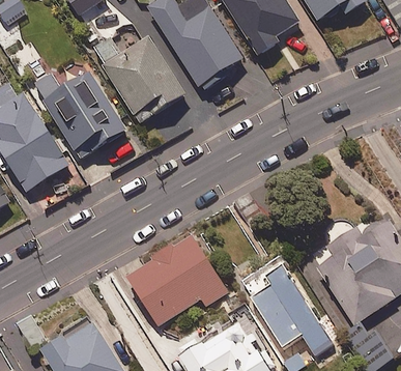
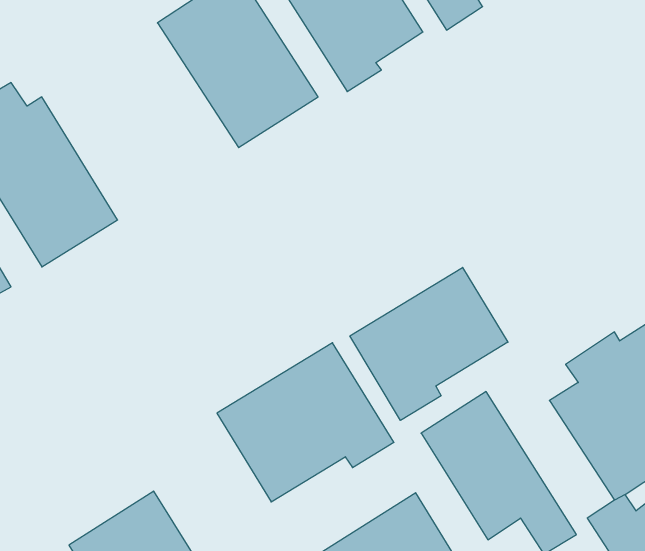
building: [32,70,124,159] -> none
building: none -> [350,267,508,420]

